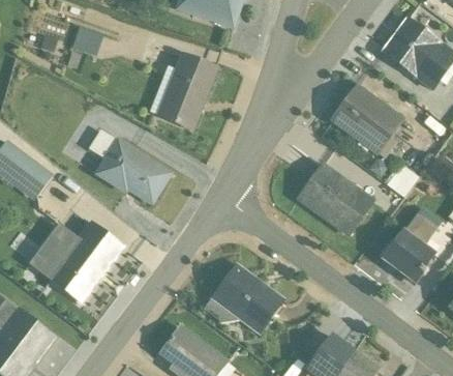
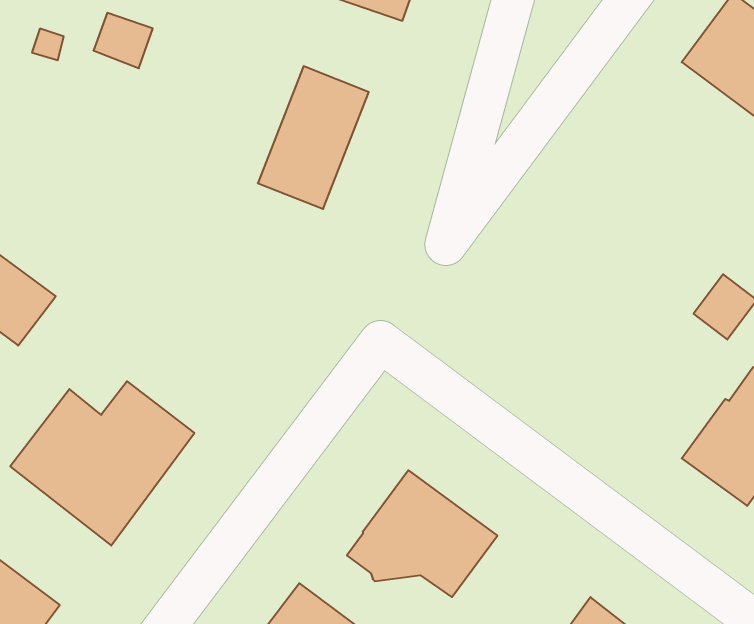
building: [328,82,404,158] -> none
building: [88,128,174,206] -> none
building: [295,165,372,234] -> none

